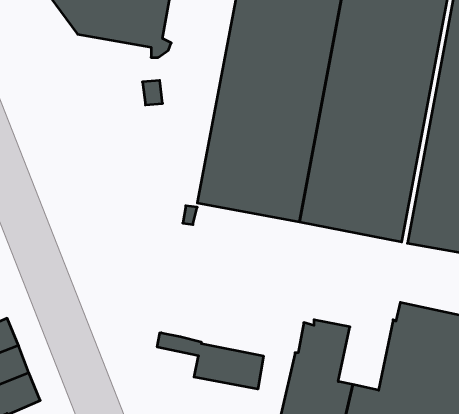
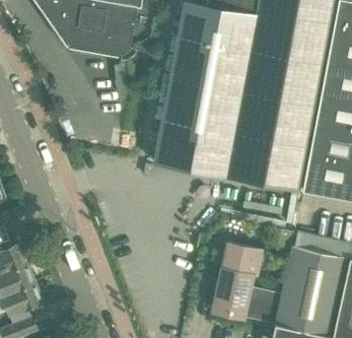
building: [157,333,263,389] -> none

